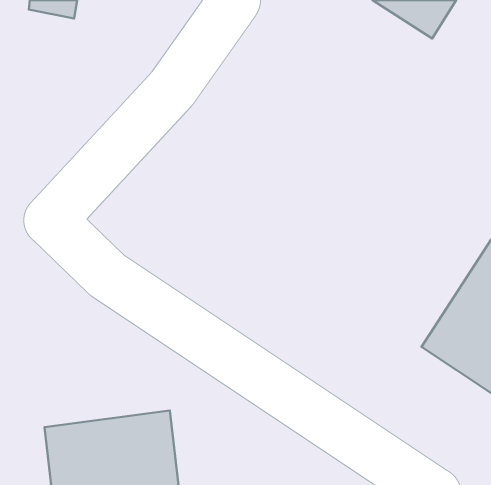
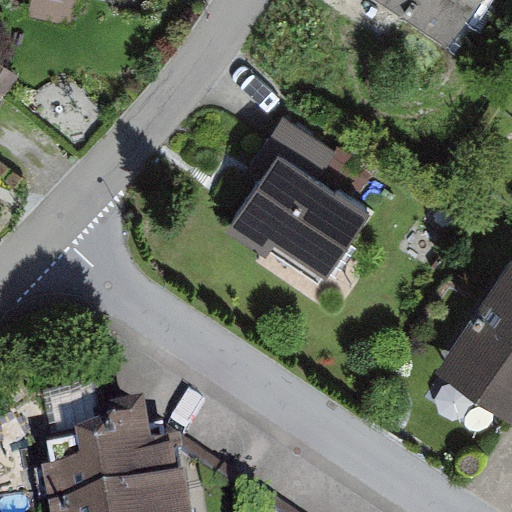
building: none -> [228,155,367,275]

